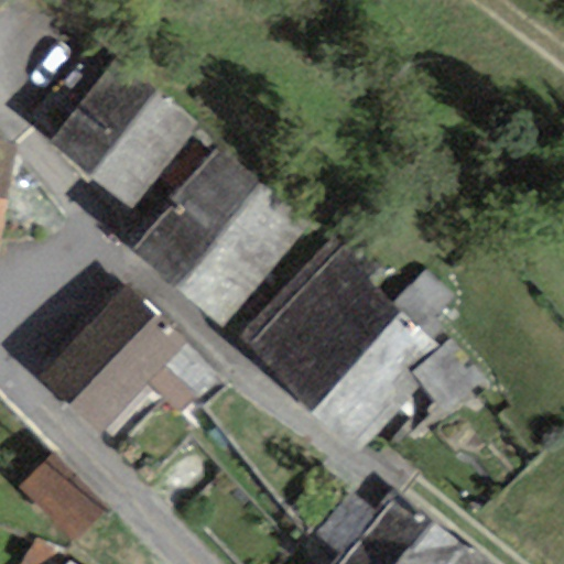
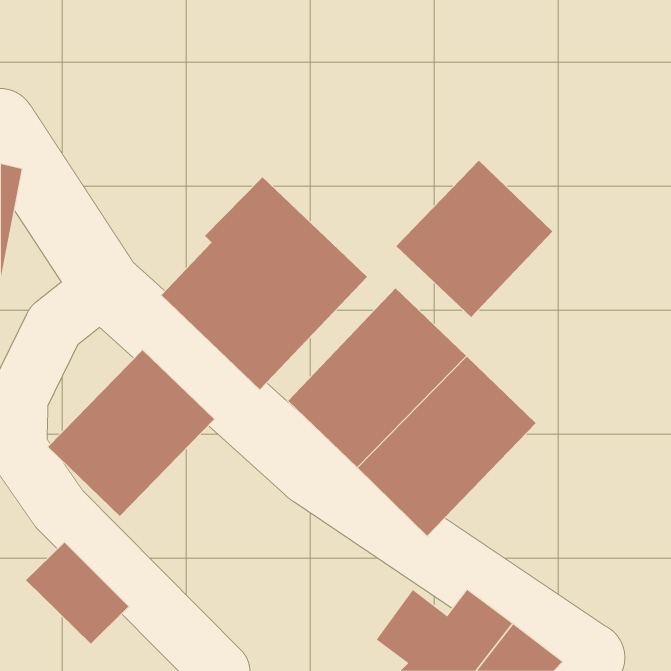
building: [52,69,191,206] -> none
building: none -> [396,160,553,318]

